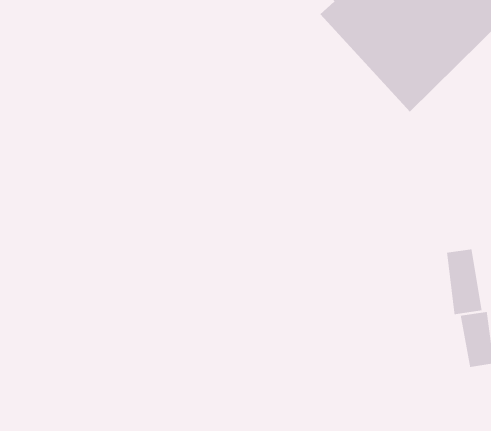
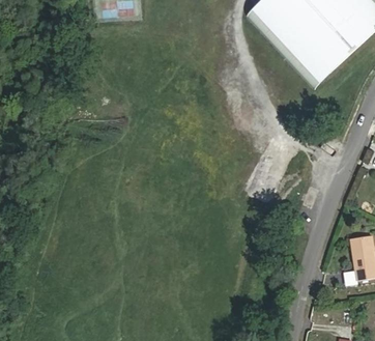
building: [446,249,482,315] -> none

